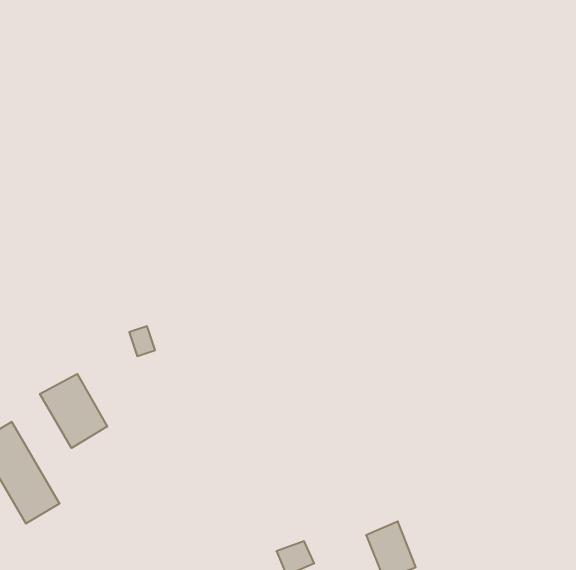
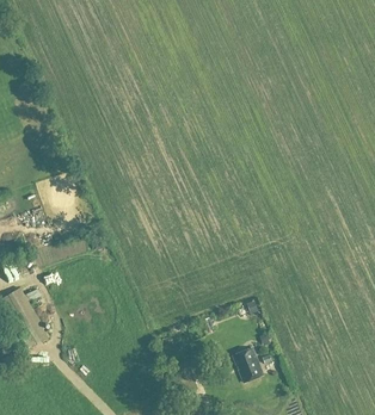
building: [40,374,107,448] -> none

